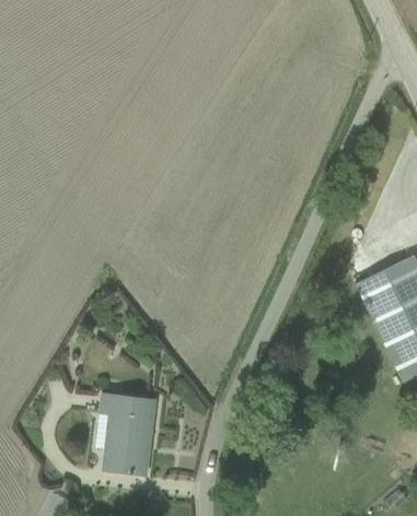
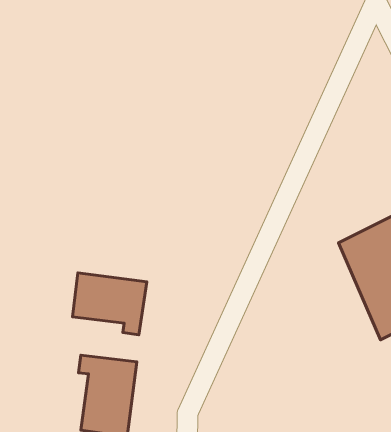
building: none -> [72,273,147,335]

